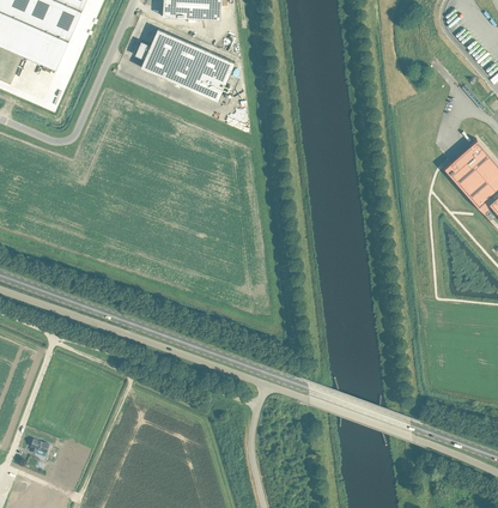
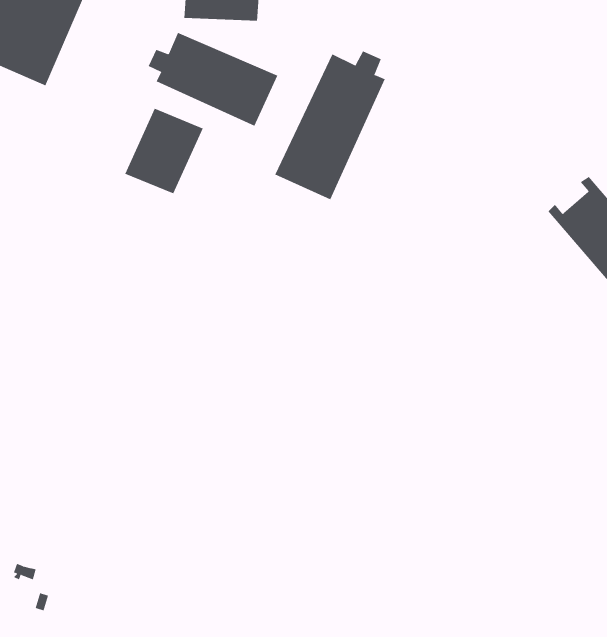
building: none -> [275,50,386,200]
building: none -> [124,108,203,194]

